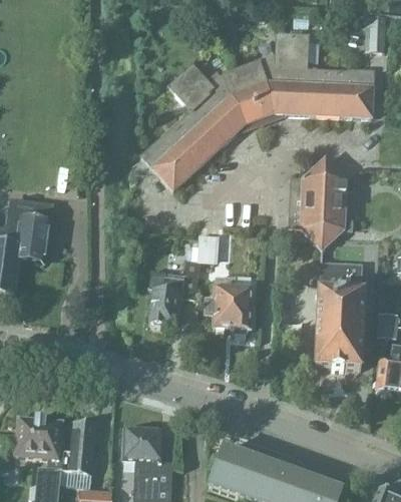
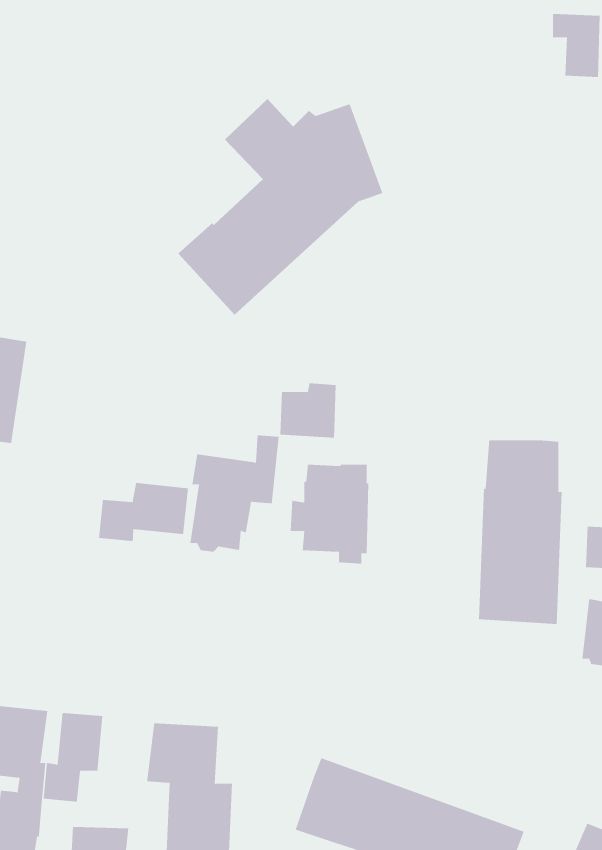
building: [241,34,374,119] -> none
building: [290,158,356,252] -> none
building: none -> [99,482,189,542]

